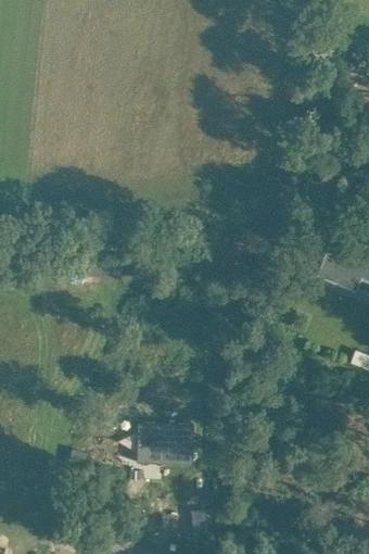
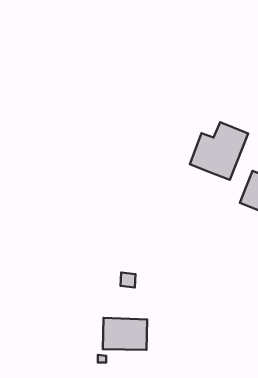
building: none -> [190,122,248,180]

